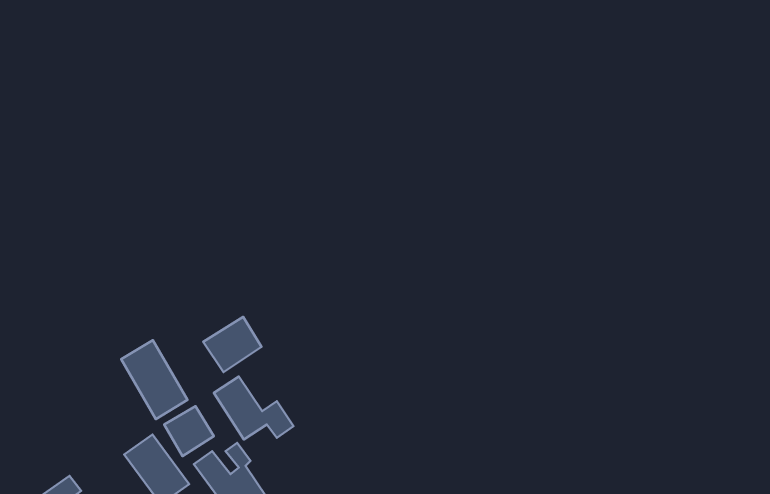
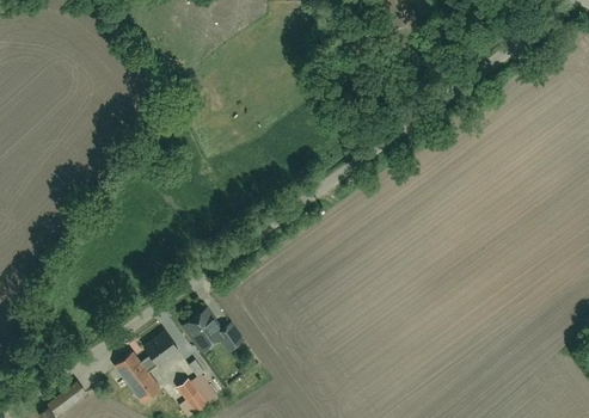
building: [203,317,262,372] -> none
building: [121,340,187,419] -> none

